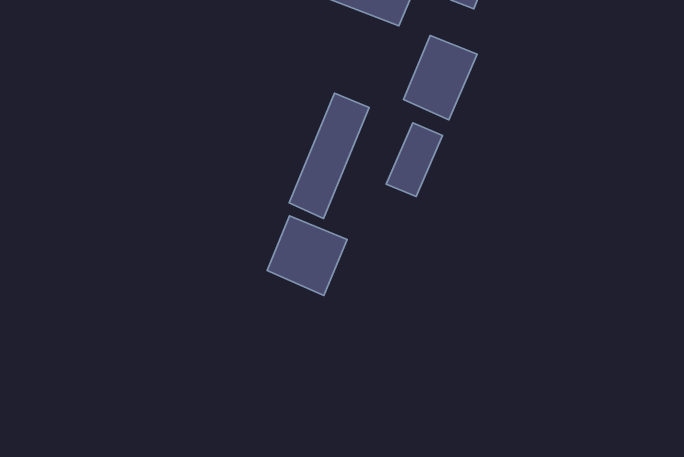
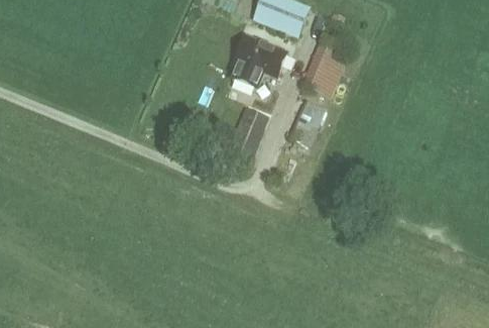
building: none -> [235,38,285,79]
building: [267,216,347,296] -> none

